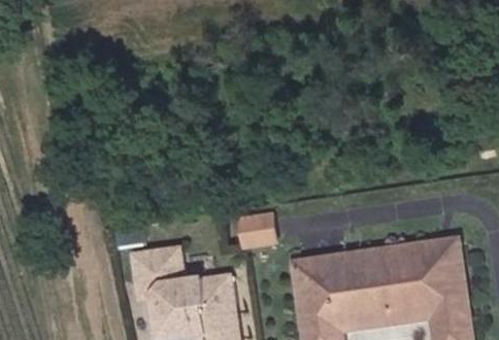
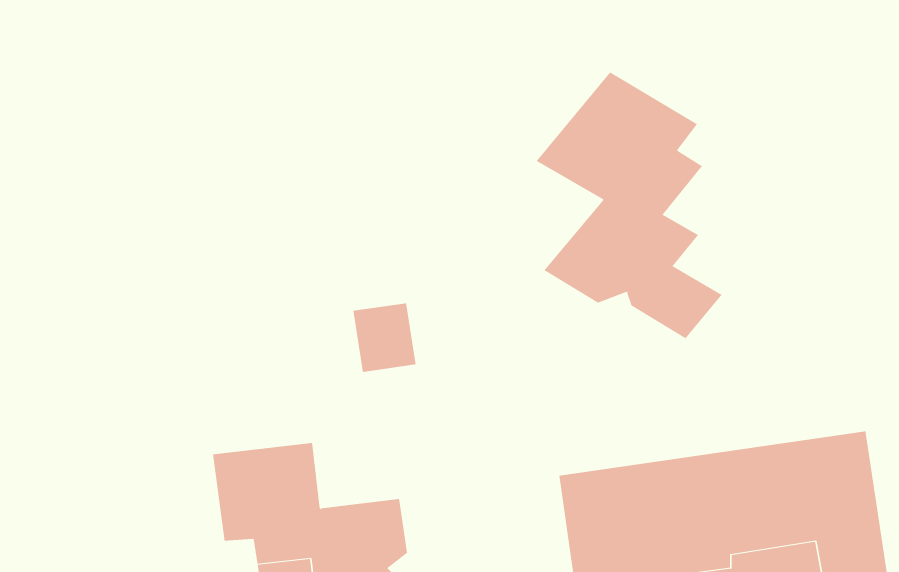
building: none -> [536,71,723,339]
building: [238,208,272,245] -> [353,303,416,372]

